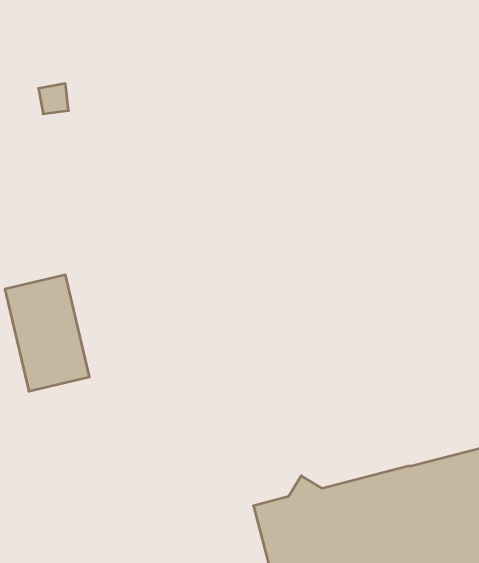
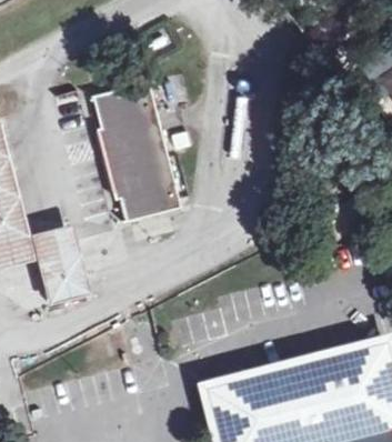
building: none -> [89,81,180,221]

